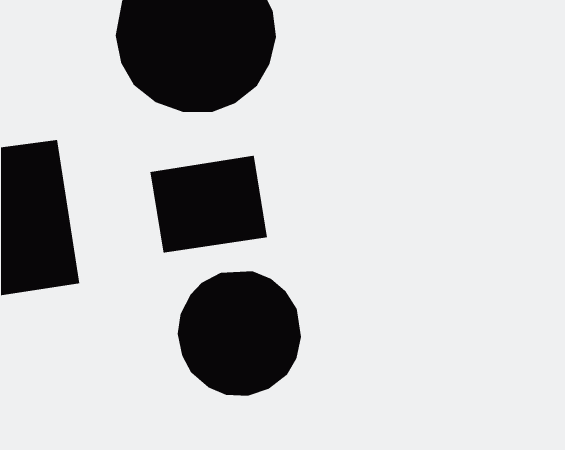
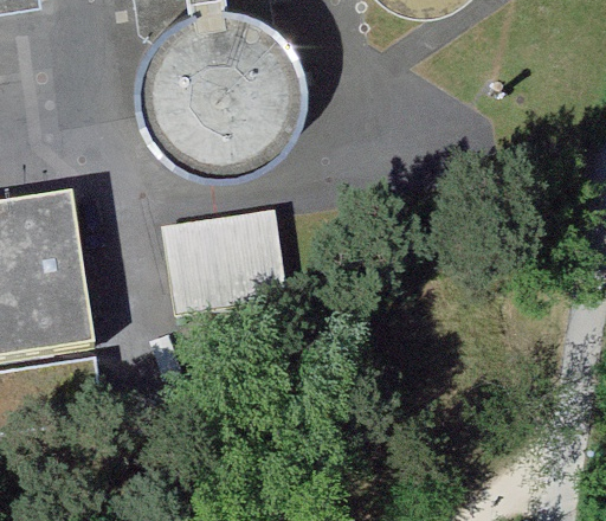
building: [177,271,302,396] -> none

